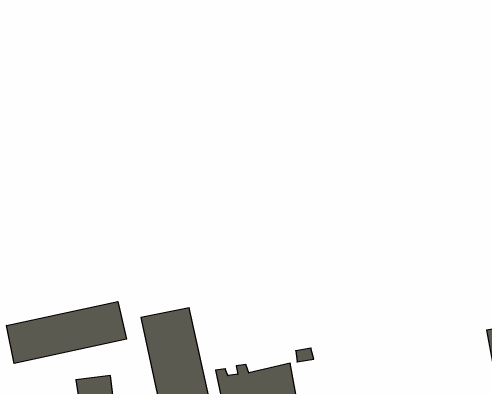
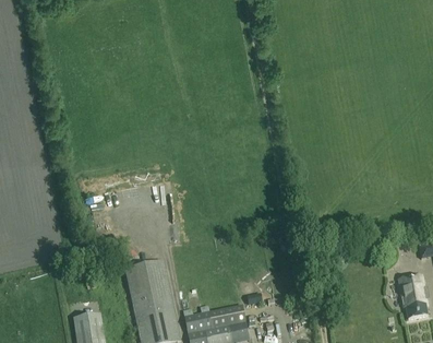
building: [7,302,127,363] -> none

